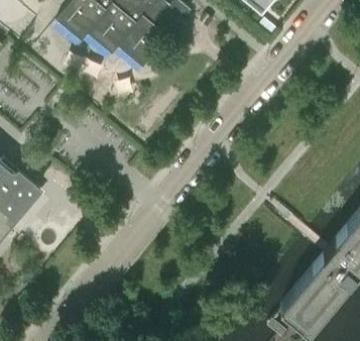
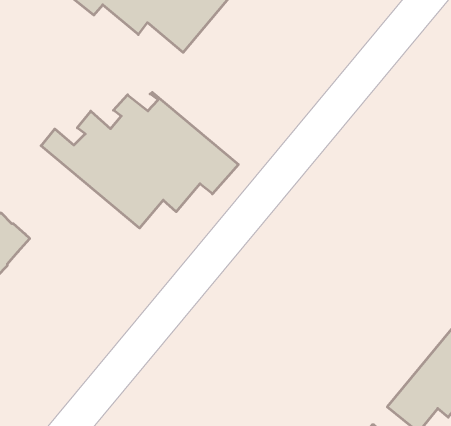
building: none -> [41,92,238,228]

